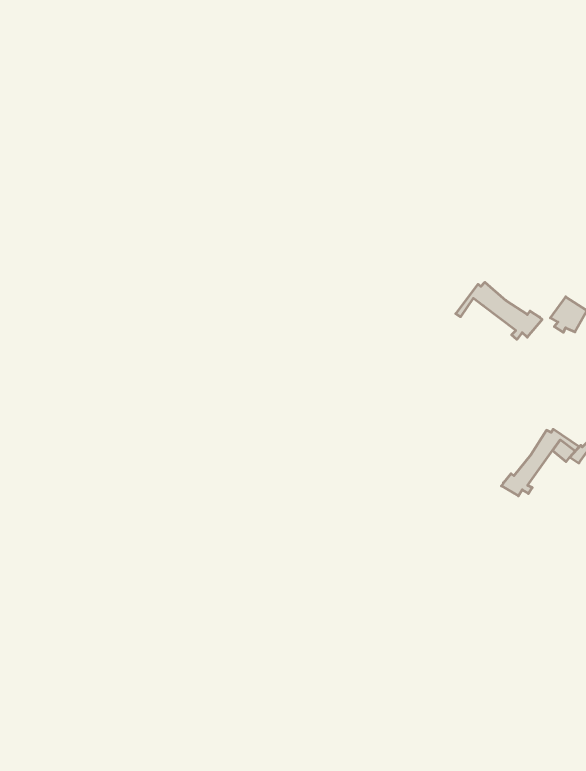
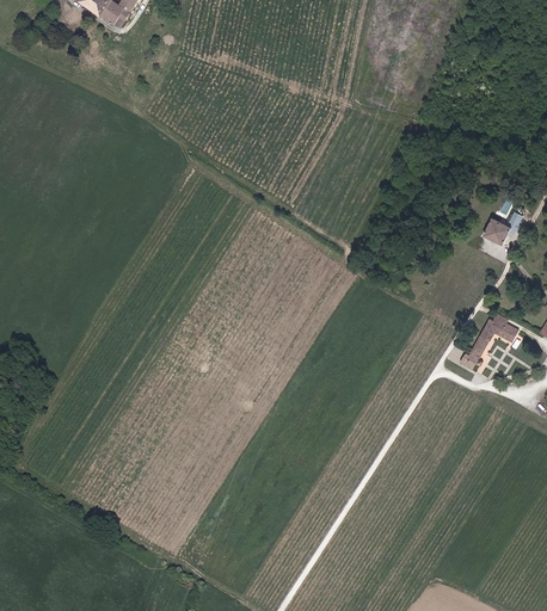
building: [456,282,542,339] -> none

